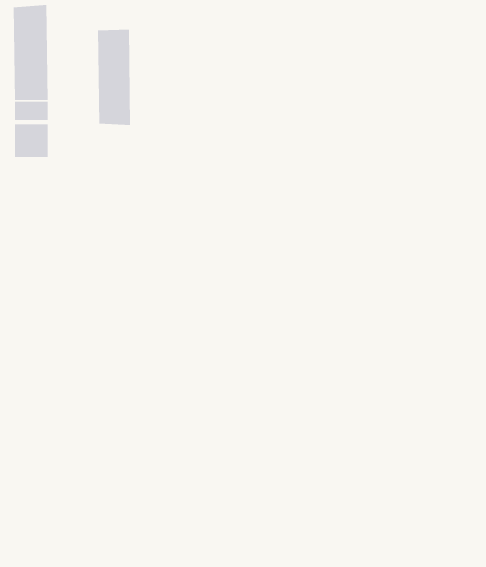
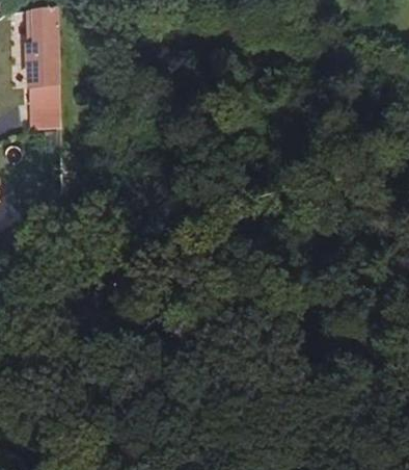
building: [97,29,131,126] -> none

